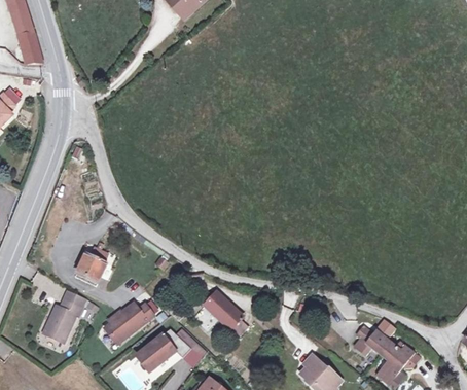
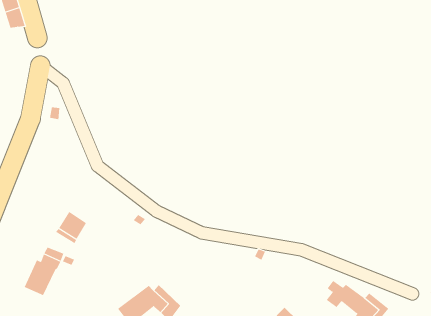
building: [204,290,247,334] -> none
building: [104,303,152,343] -> none

